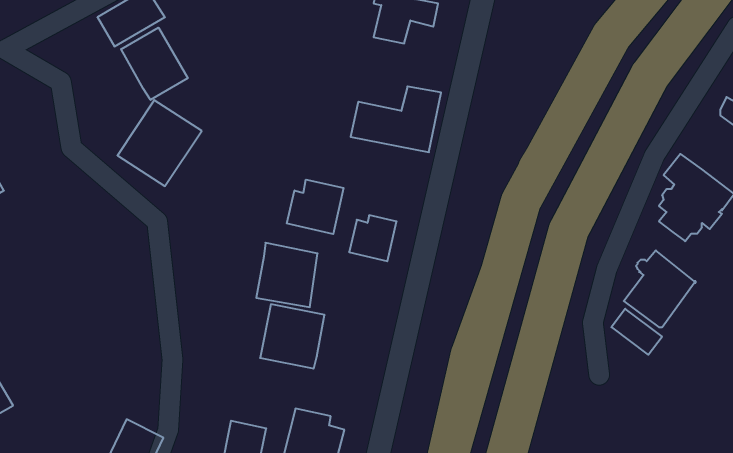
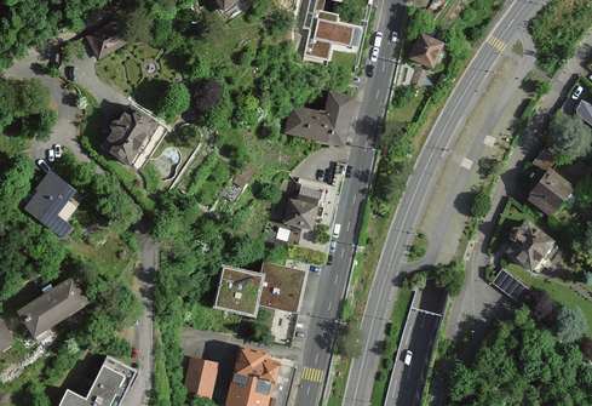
building: none -> [406,34,443,72]
building: [121,28,188,100] -> none
building: [287,180,344,234] -> none
building: none -> [21,170,77,240]
building: [256,243,318,307] -> [258,261,306,311]
building: none -> [18,273,90,337]

